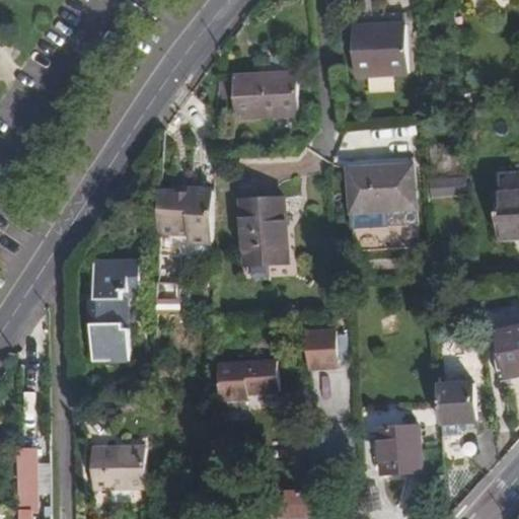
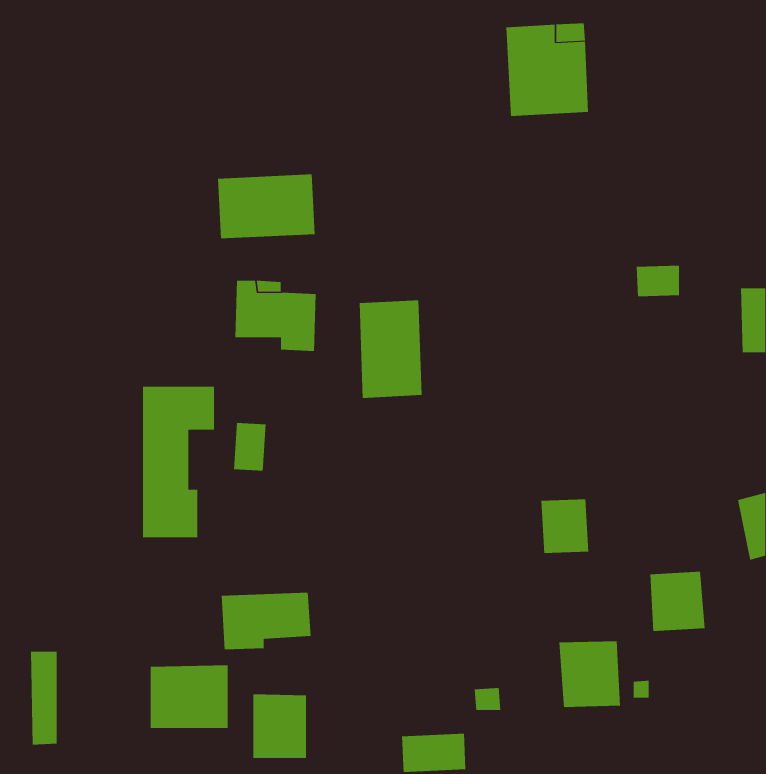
building: [232,74,298,118] -> [217,174,315,239]
building: [342,166,409,212] -> none
building: [306,331,339,368] -> [541,499,589,553]
building: [220,360,281,398] -> [221,592,312,650]
building: none -> [253,693,307,759]

